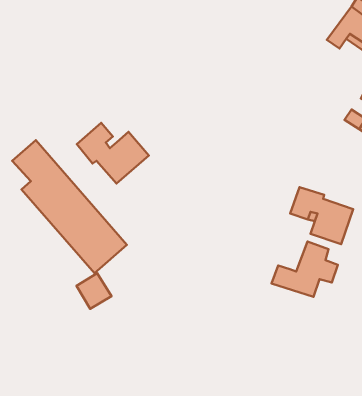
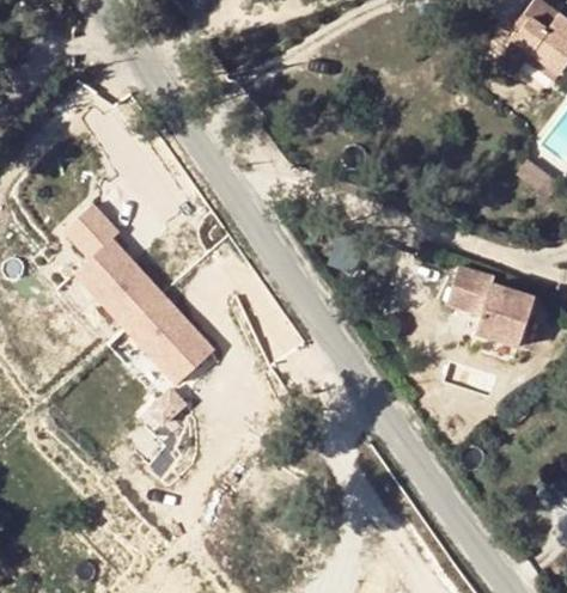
building: [77,123,149,184] -> none
building: [271,242,338,297] -> none

